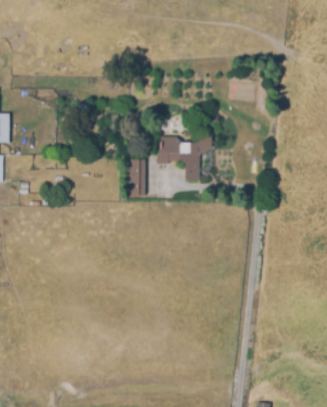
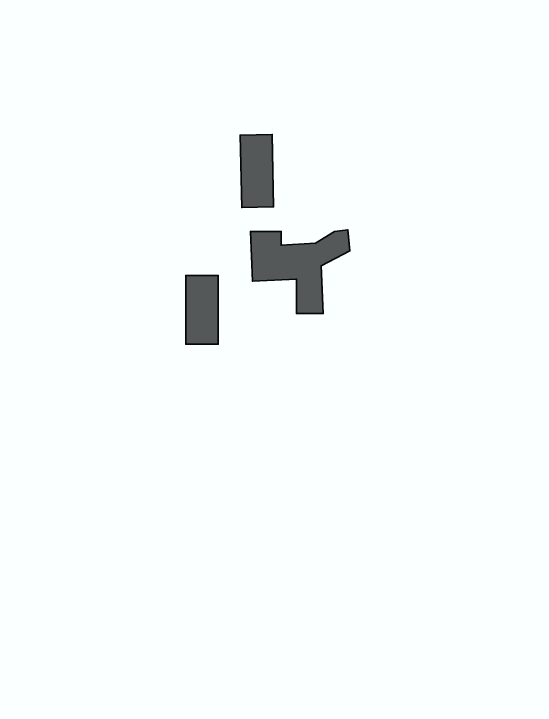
building: none -> [240,134,274,208]

